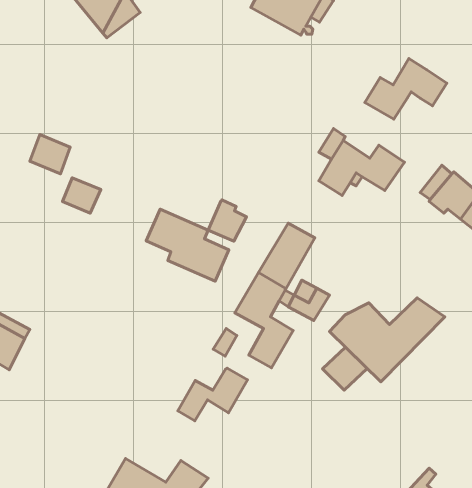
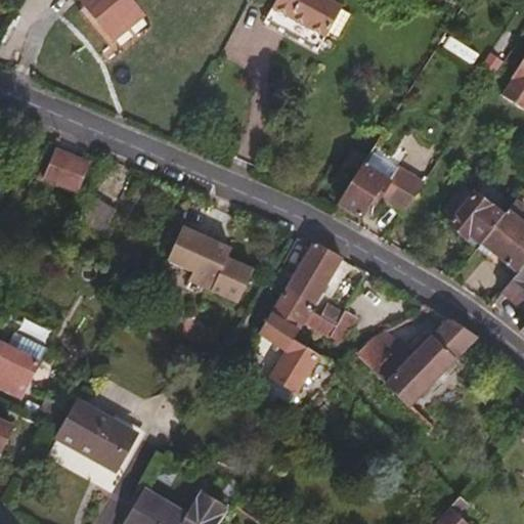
building: [365,58,447,119] -> none
building: [208,200,246,241] -> none
building: [323,347,367,390] -> none
building: none -> [58,382,144,474]
building: [178,368,247,421] -> none

